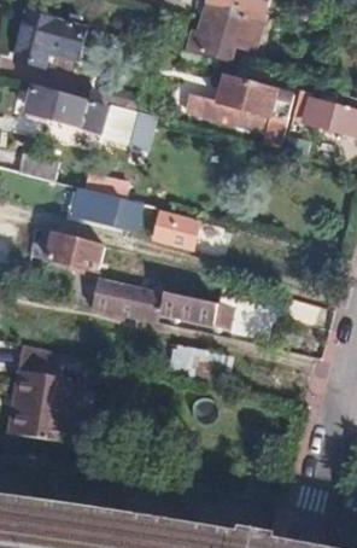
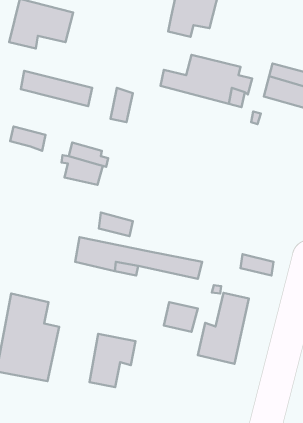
building: [157,212,223,251] -> none
building: [33,229,100,269] -> none
building: none -> [198,293,249,364]
building: none -> [90,334,136,387]

